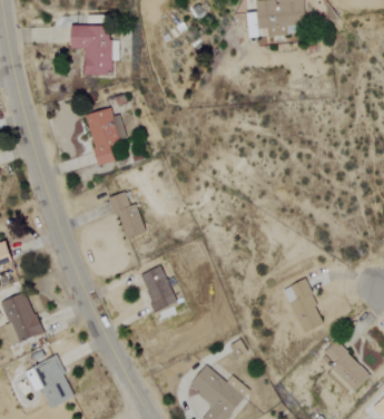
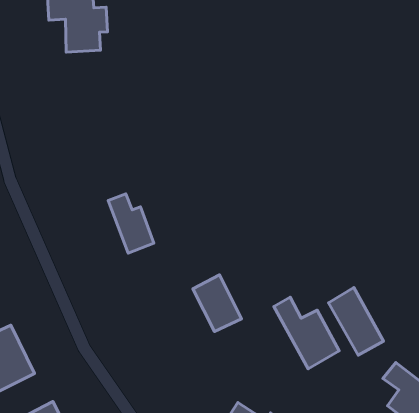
building: [87,110,125,165] -> none
building: [139,265,177,311] -> [193,275,241,332]
building: none -> [274,297,339,369]

